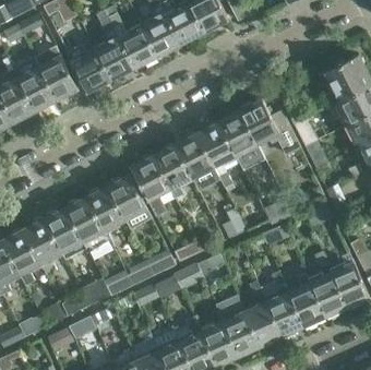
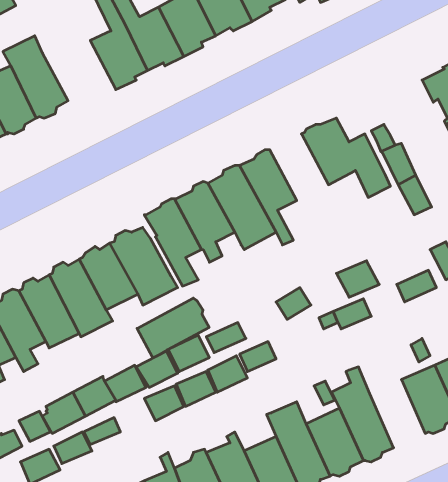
building: [61,36,110,91] -> none
building: [216,111,264,171] -> none
building: none -> [137,298,209,358]
building: [285,275,323,327] -> none

